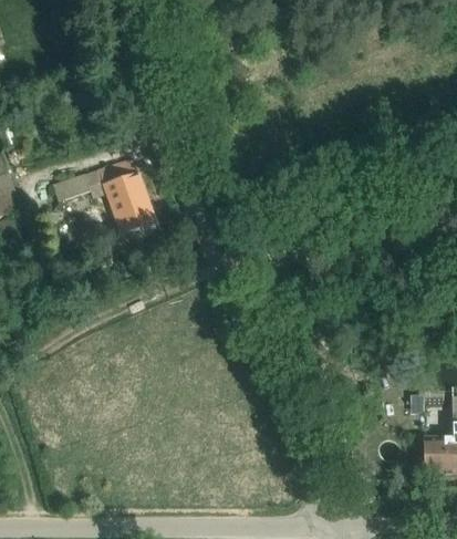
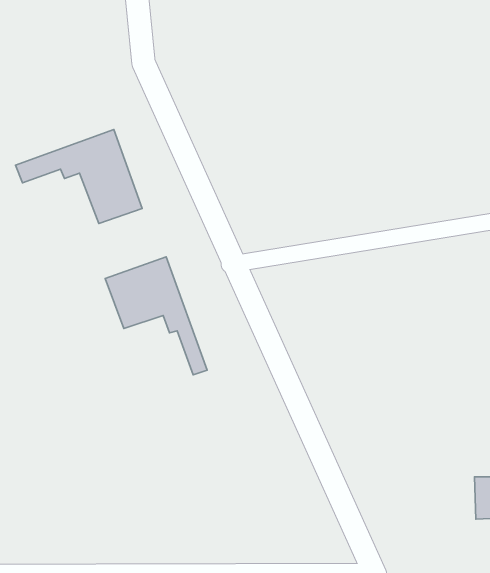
building: none -> [105,257,207,375]

